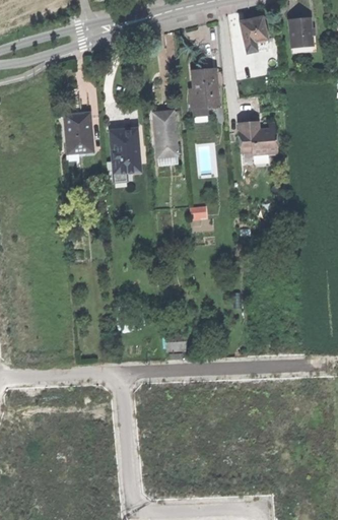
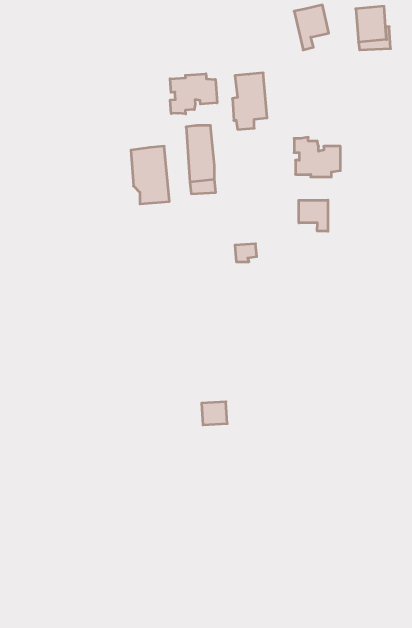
building: none -> [170,74,217,114]
building: [65,114,93,153] -> none
building: none -> [299,200,328,231]

